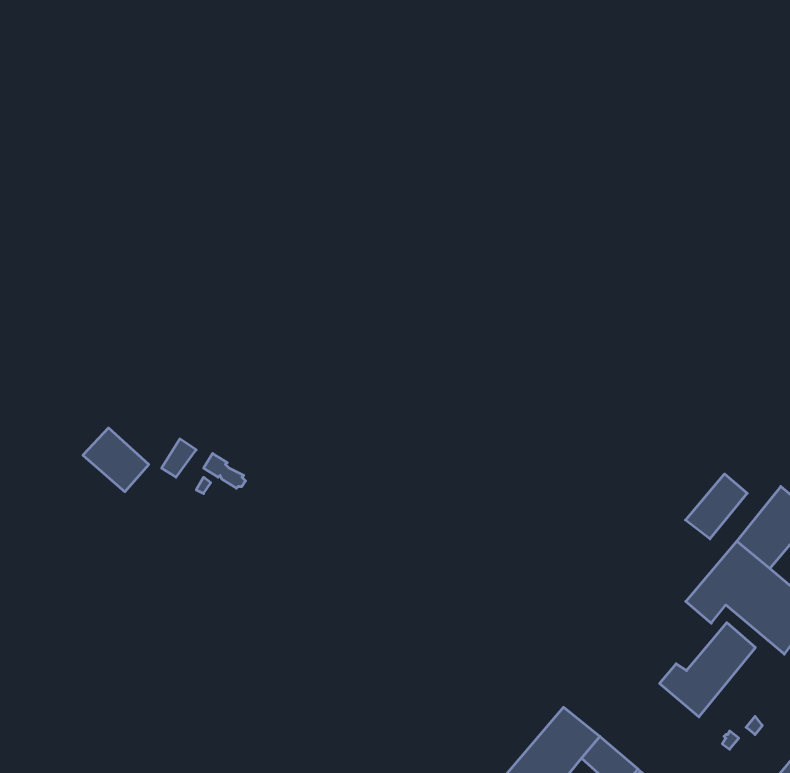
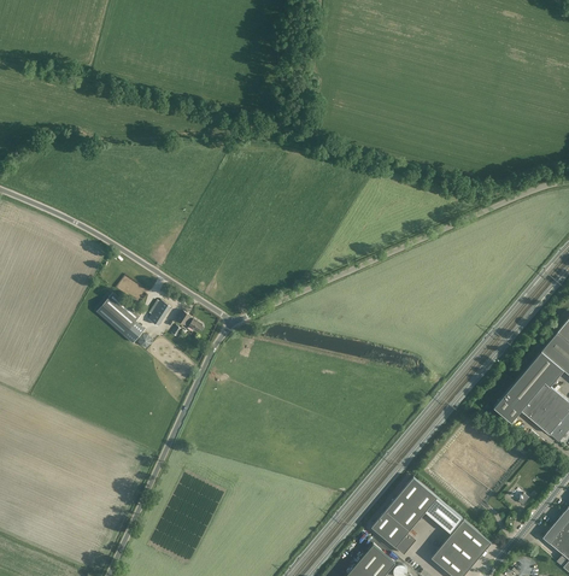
building: [685,474,747,539] -> none
building: [660,623,755,717] -> none

